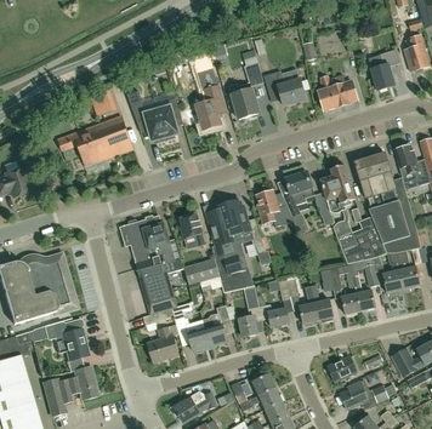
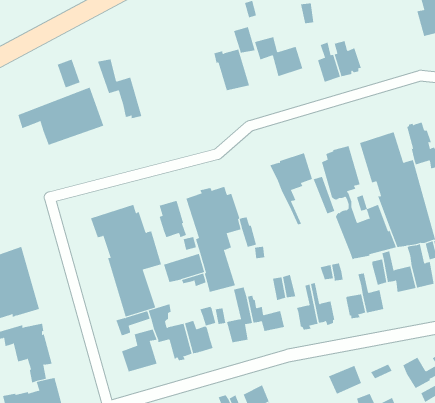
building: [371,48,399,90] -> none
building: [197,68,223,128] -> none
building: [157,97,182,139] -> none
building: [257,189,295,225] -> none

